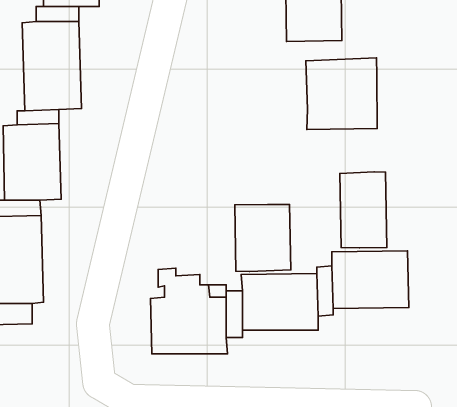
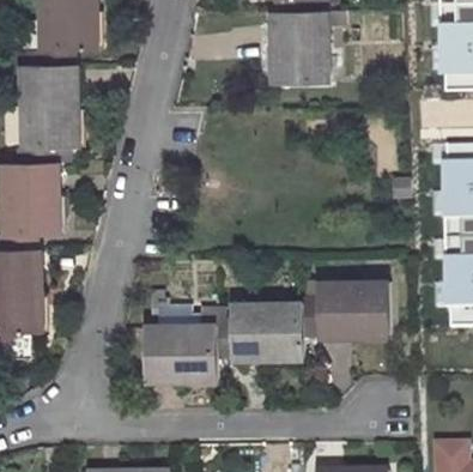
building: [306,58,377,130] -> none
building: [340,172,387,248] -> none
building: [235,204,291,272] -> none

